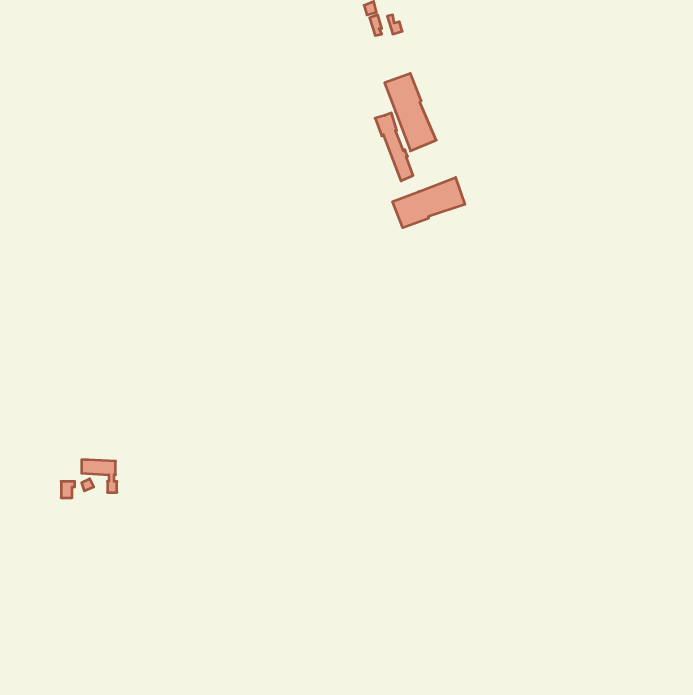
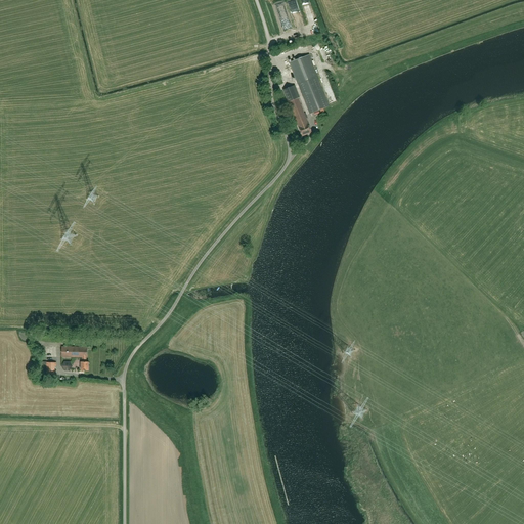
building: [393,177,465,228] -> none

